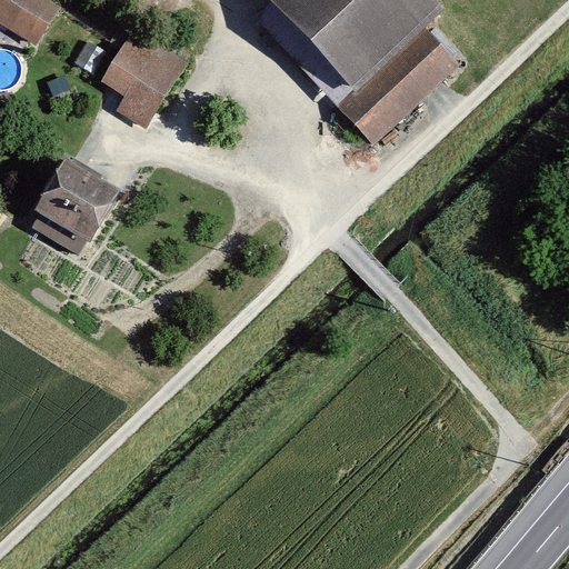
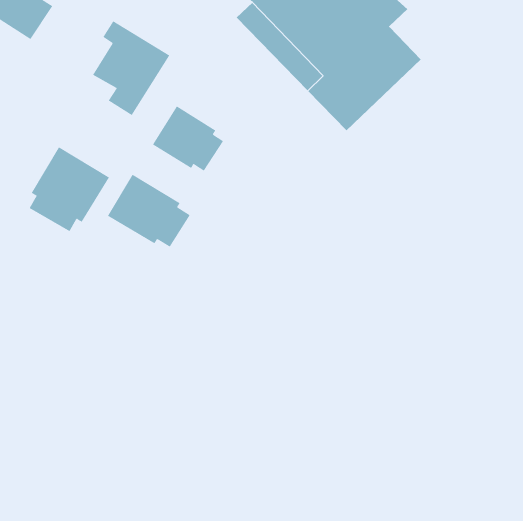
building: none -> [152,106,224,171]
building: none -> [107,174,191,248]

